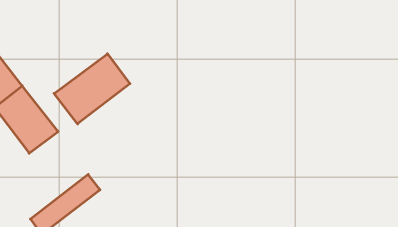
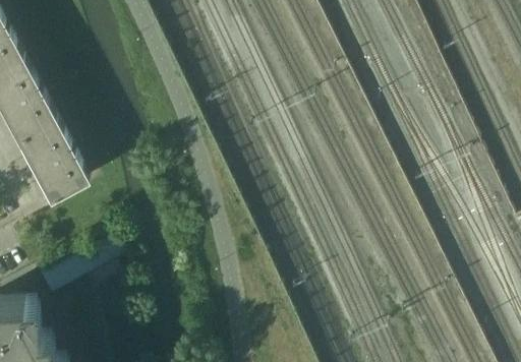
building: [54,54,130,124] -> none

